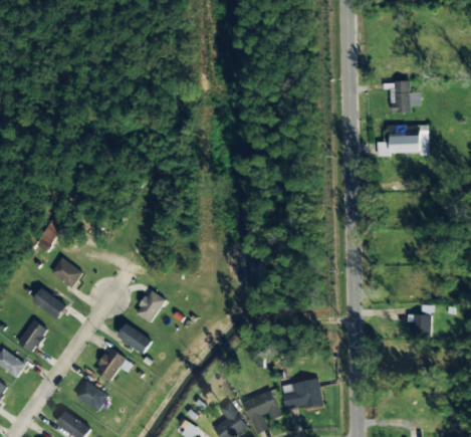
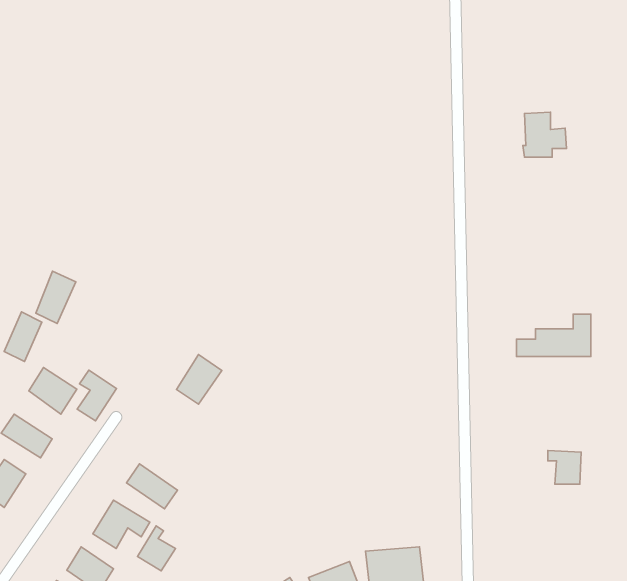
building: [377,125,428,154] -> [516,314,591,357]
building: none -> [36,271,76,324]
building: none -> [77,370,117,421]
building: [135,288,166,322] -> [177,354,222,404]
building: none -> [138,526,176,571]

